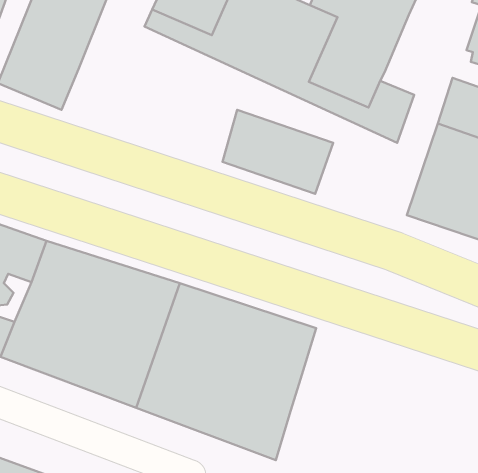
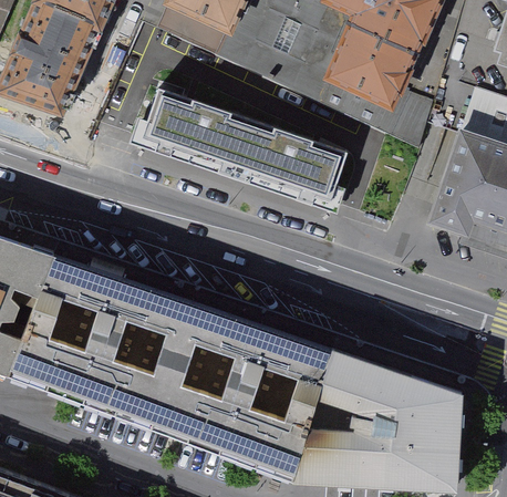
building: none -> [137,85,251,172]
building: none -> [291,344,465,490]

